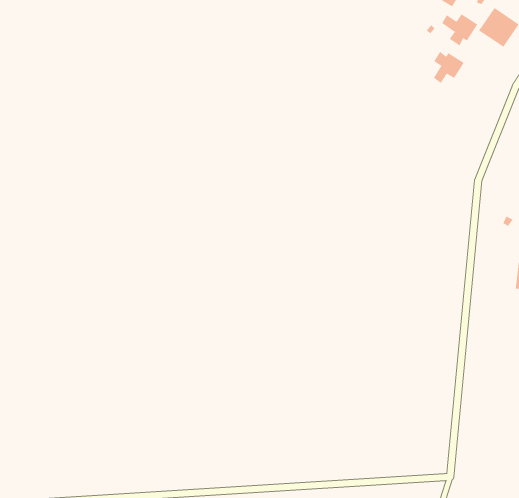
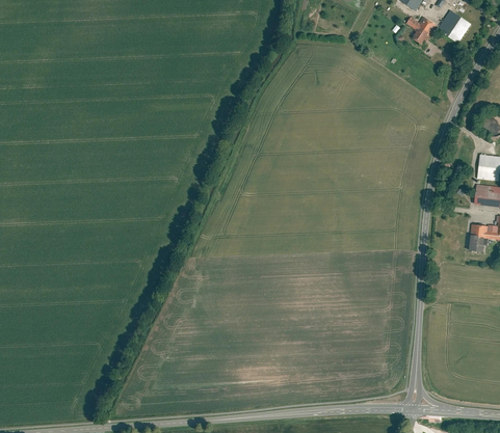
building: [433,51,465,84] -> none

